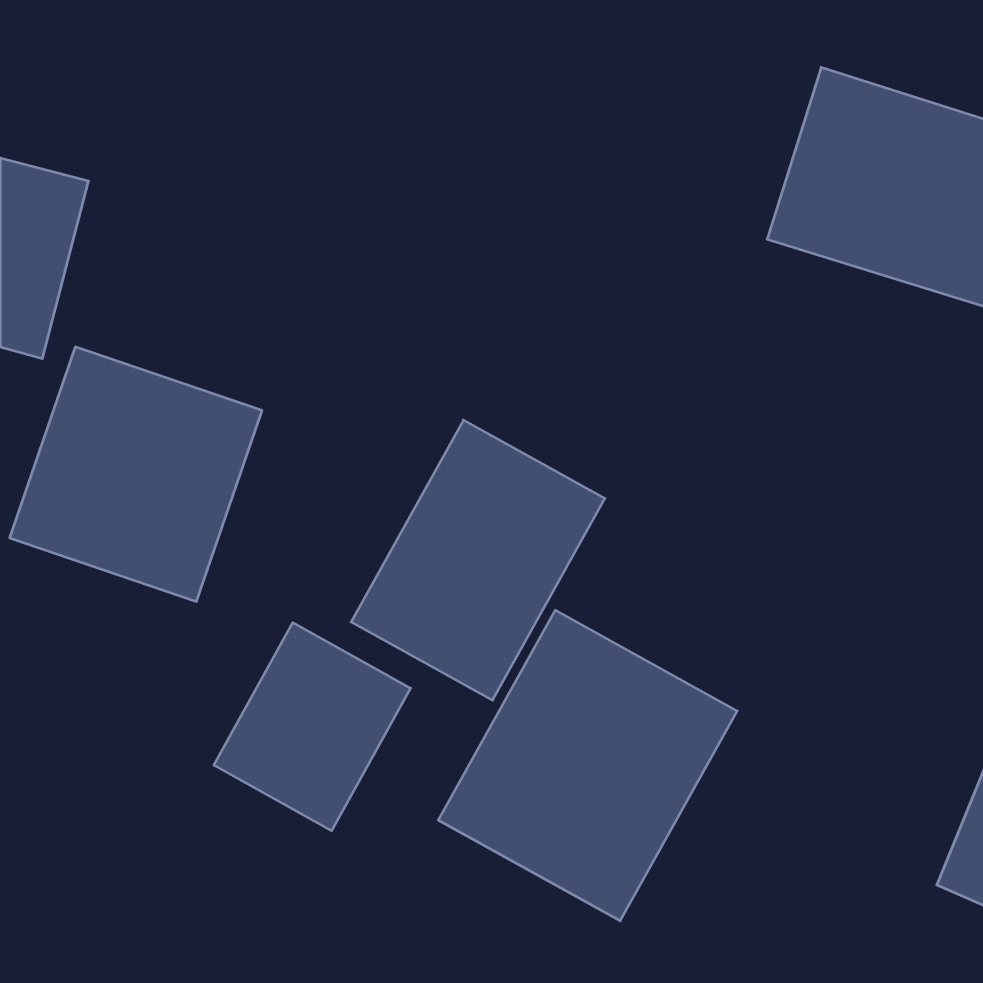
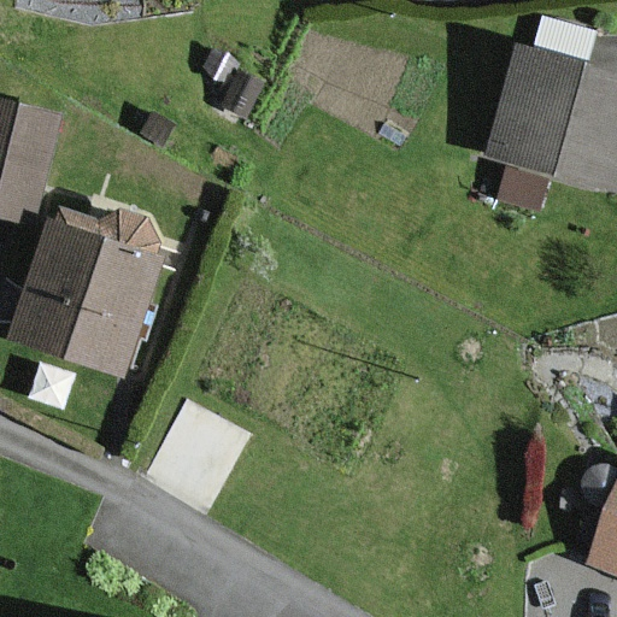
building: [351,420,605,700] -> none
building: [438,610,737,921] -> none

